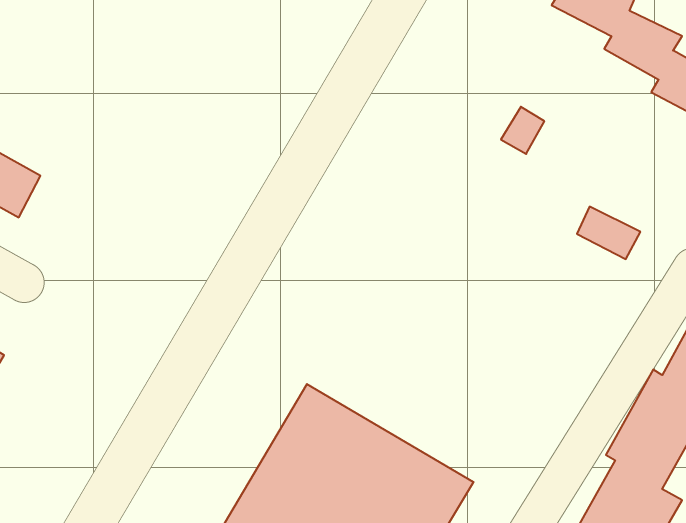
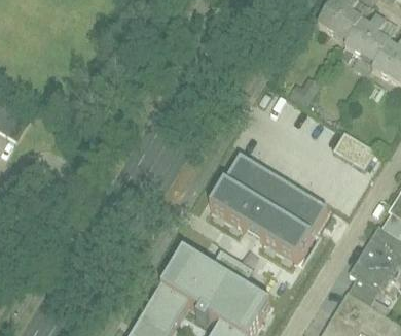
building: none -> [212,160,328,265]

